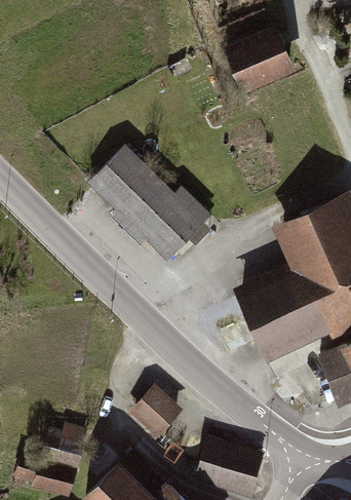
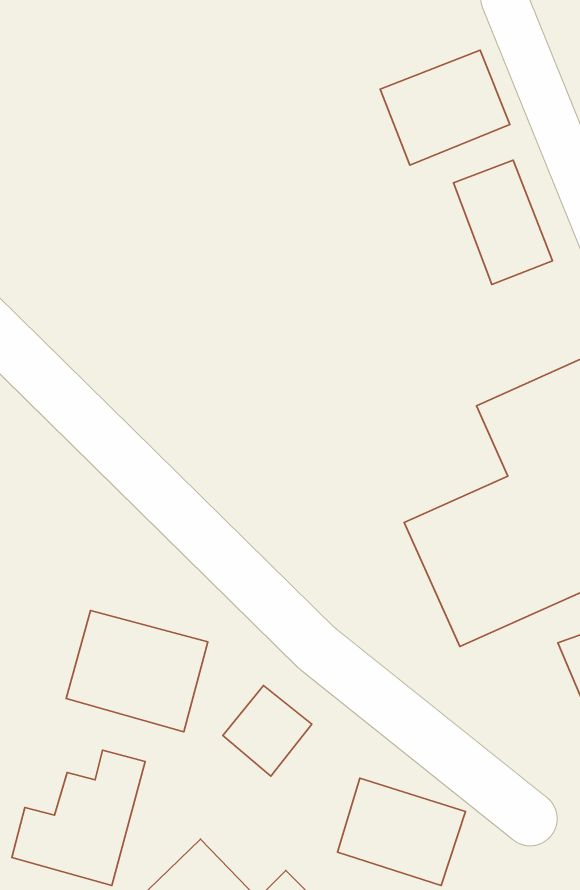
building: none -> [453,160,553,284]
building: [89,147,203,259] -> none
building: none -> [66,611,208,732]

